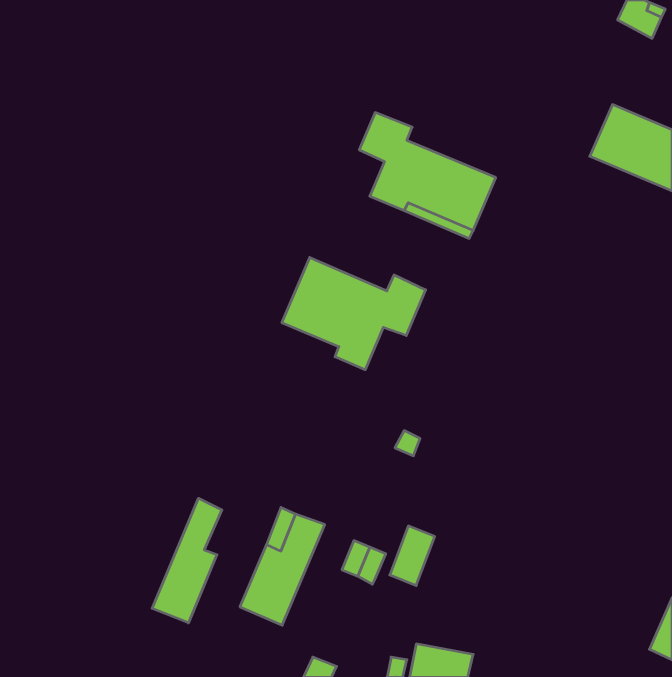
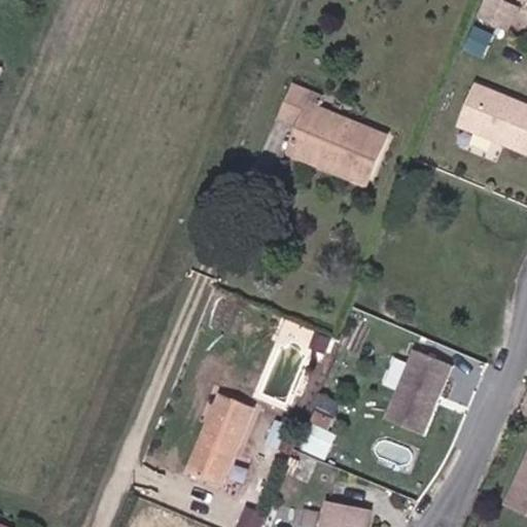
building: [282,257,426,370] -> none
building: none -> [385,351,452,436]
building: [152,498,222,623] -> none

